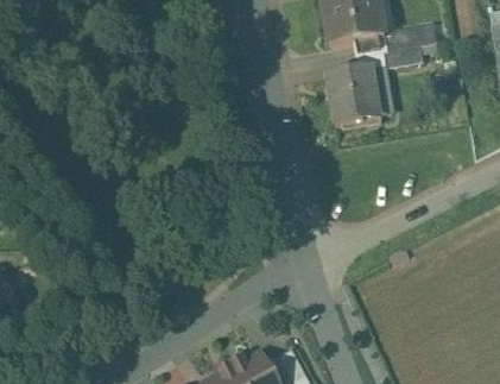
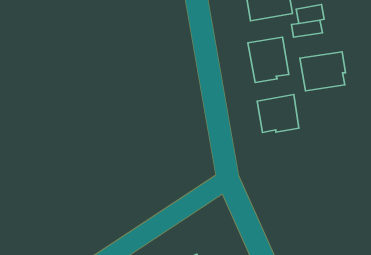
building: none -> [300,52,346,91]
building: none -> [257,95,299,132]

